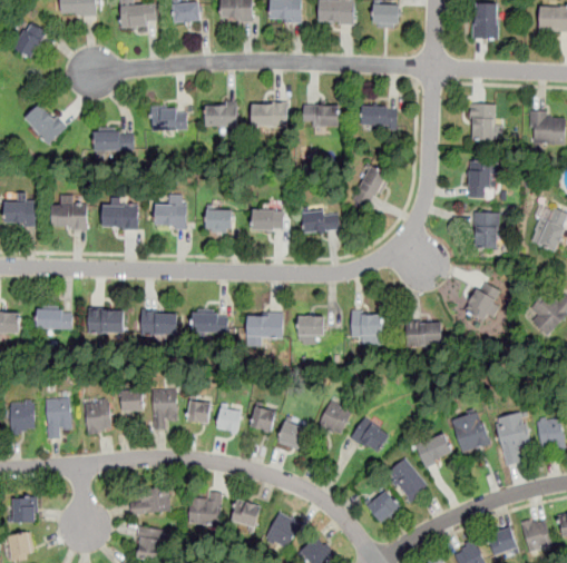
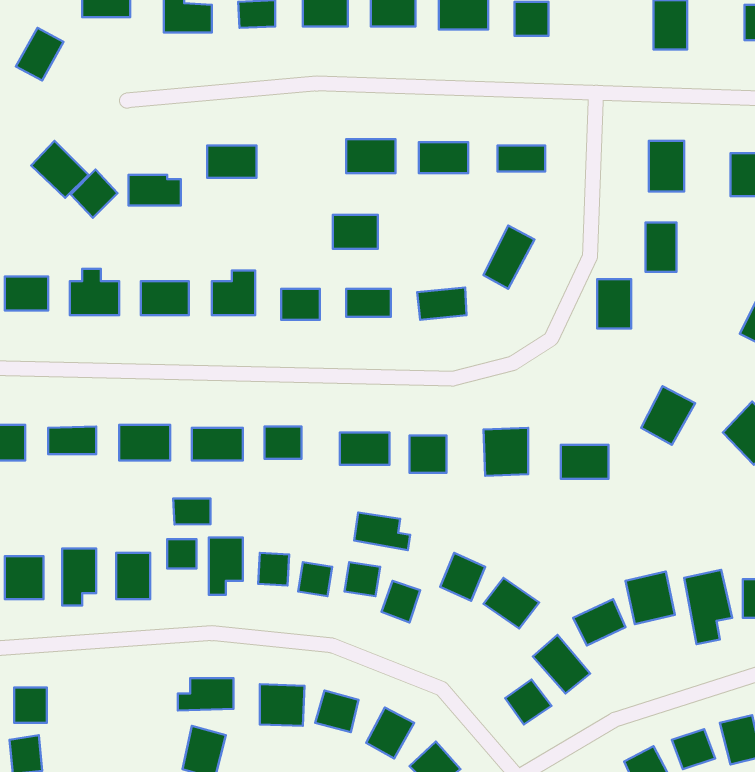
building: [205,102,237,127] -> [333,215,378,249]
building: none -> [71,170,118,218]
building: [473,213,498,248] -> [597,279,631,329]
building: none -> [173,498,210,525]
building: none -> [354,513,410,550]

